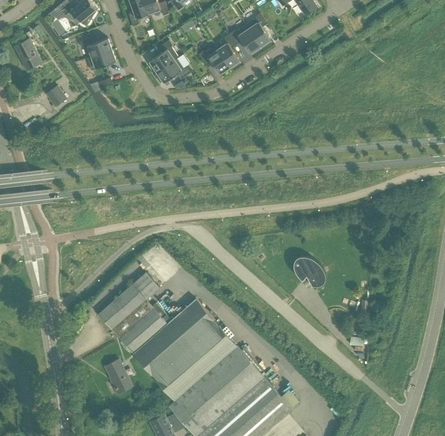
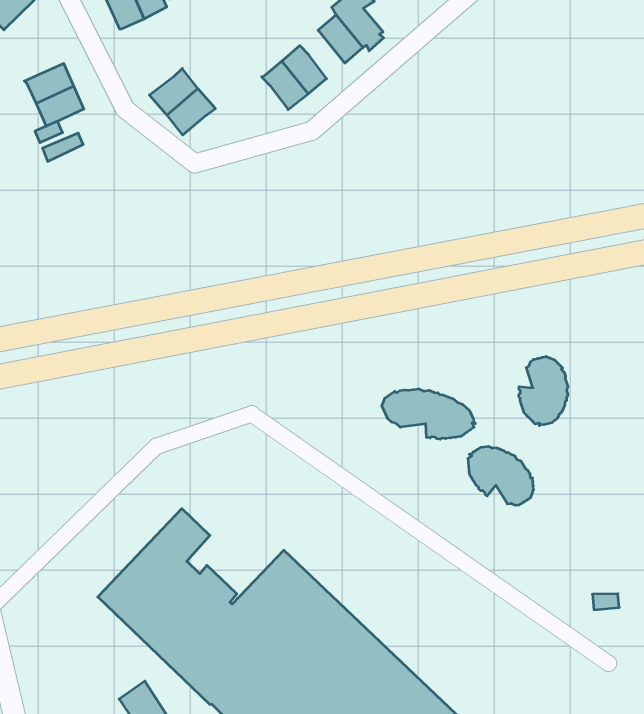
building: none -> [519,356,568,426]
building: none -> [382,389,475,439]

